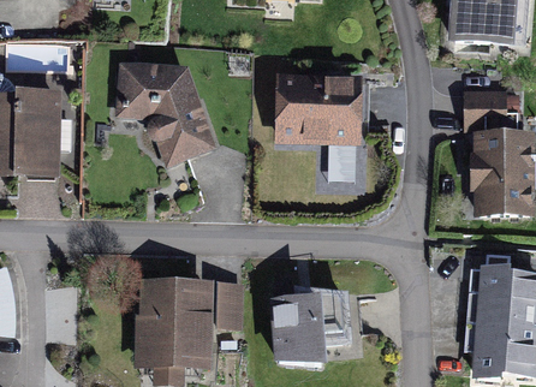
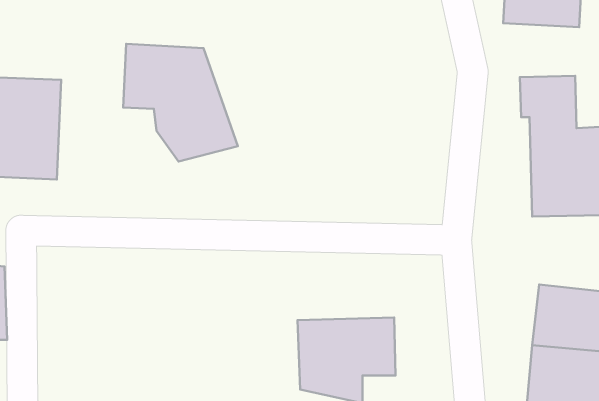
building: [270,72,358,143] -> none
building: [138,280,204,364] -> none
building: [216,280,243,325] -> none

